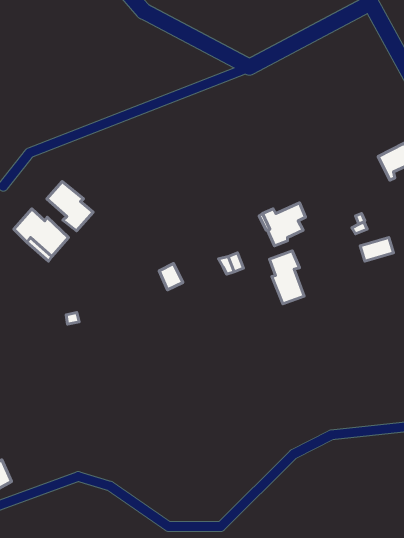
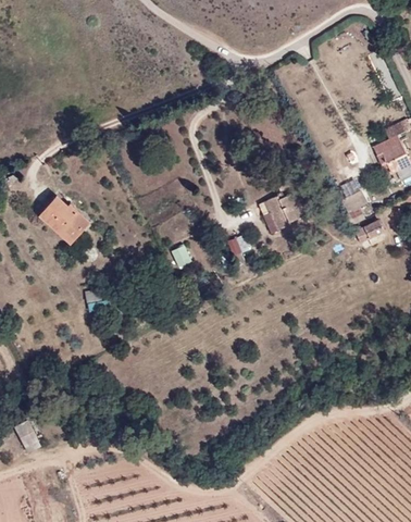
building: [47,181,93,231] -> none
building: [269,251,304,304] -> none

